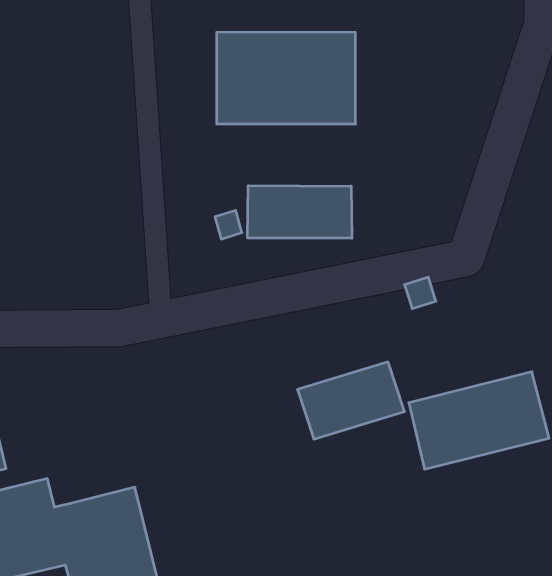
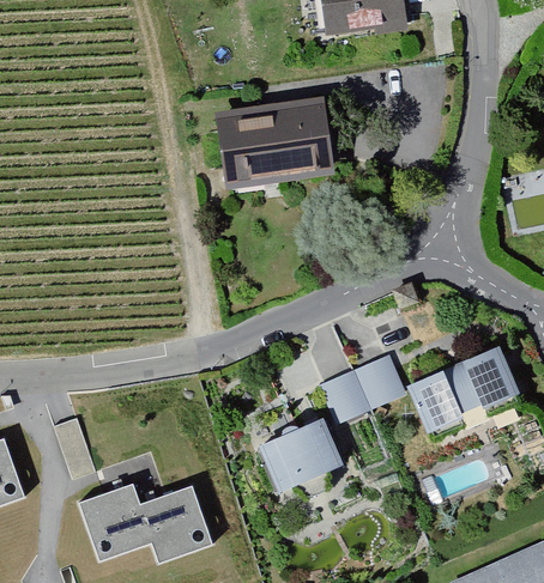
building: [248,186,352,238] -> none
building: none -> [259,414,344,491]

